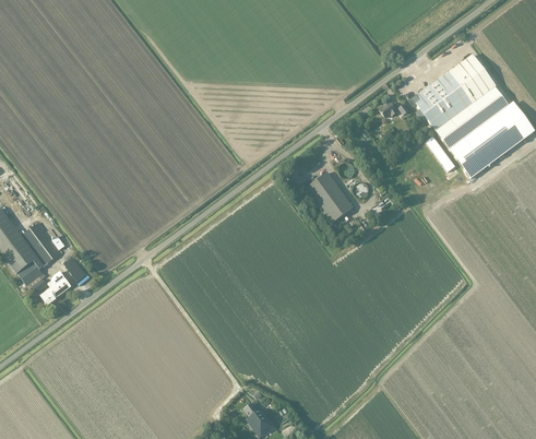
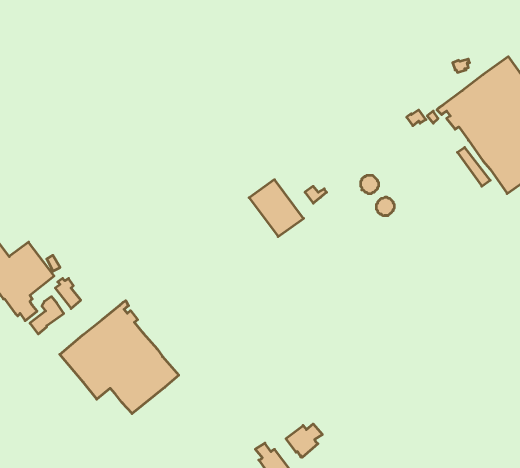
building: [305,170,354,222] -> [249,180,304,237]
building: none -> [60,301,179,414]
building: none -> [286,424,322,457]

